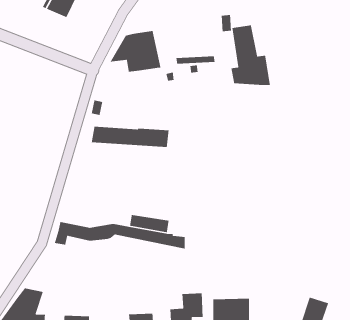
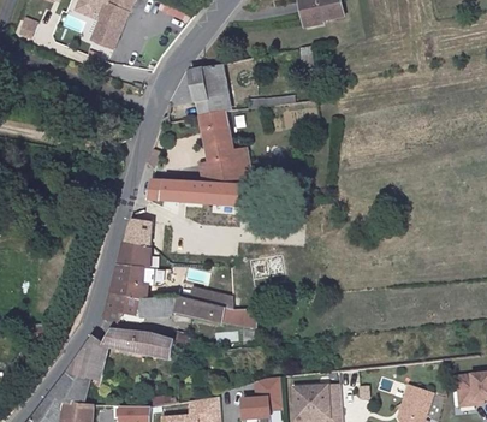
building: [231,25,271,86] -> [201,111,249,184]
building: none -> [109,222,154,301]
building: none -> [67,329,173,380]

